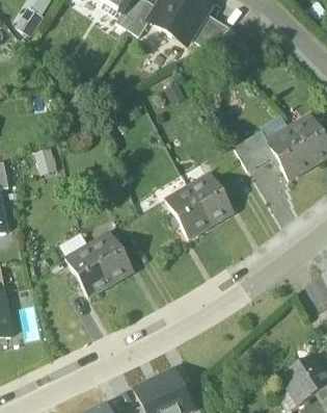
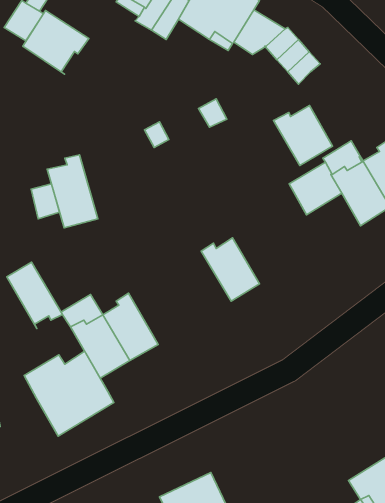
building: none -> [23,10,89,74]
building: none -> [274,106,333,165]
building: none -> [47,155,98,228]
building: [190,172,234,224] -> none
building: none -> [7,262,62,329]
building: none -> [24,352,114,436]

